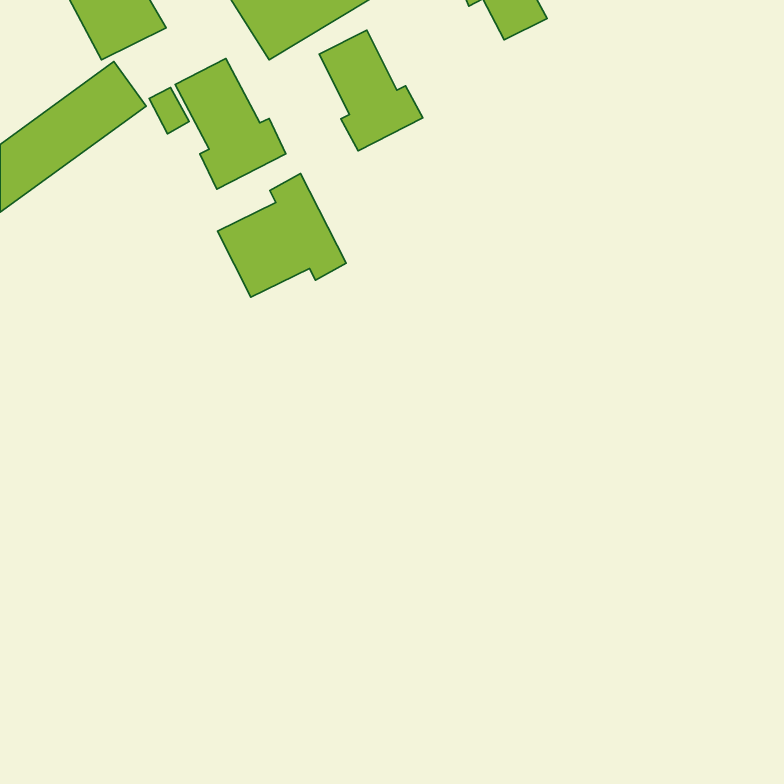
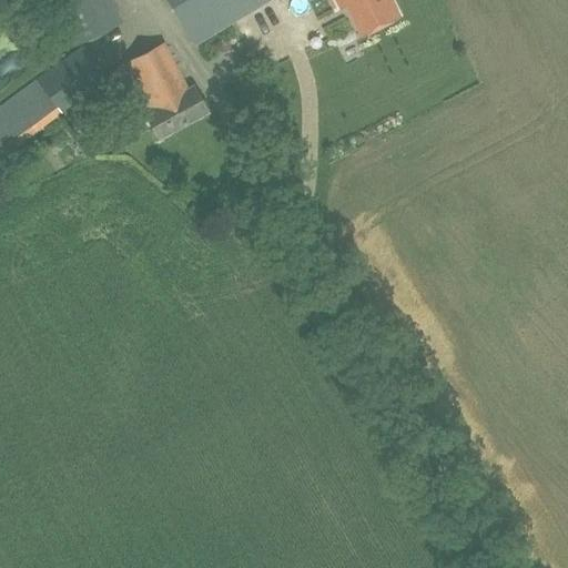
building: [319,30,423,151] -> none
building: [217,173,346,297] -> none

